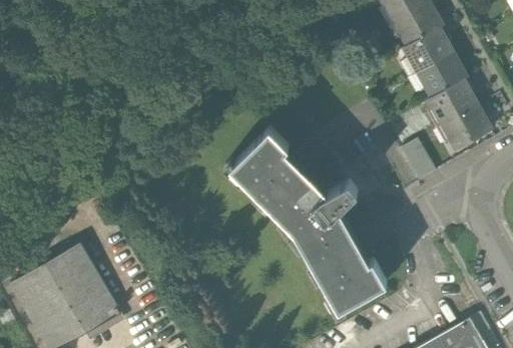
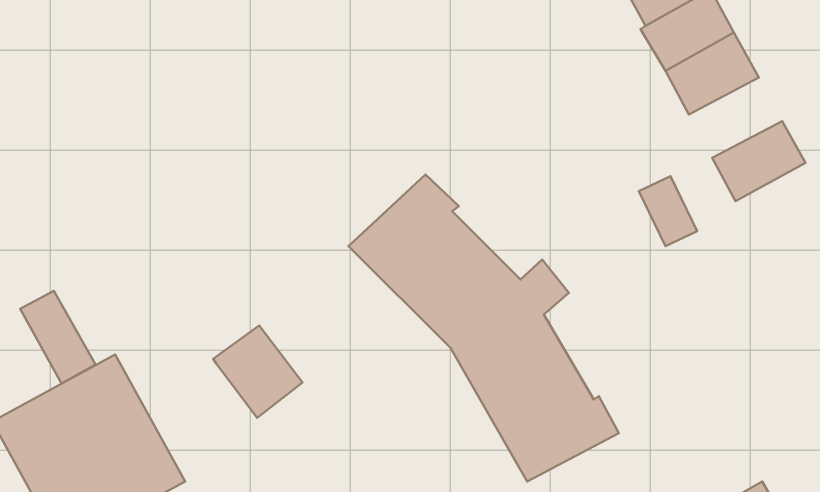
building: [427,74,483,122] -> none
building: none -> [20,291,96,384]
building: none -> [213,325,303,418]

